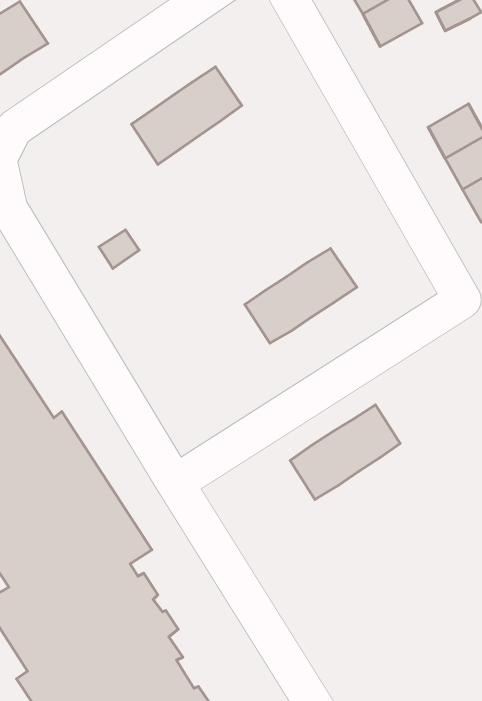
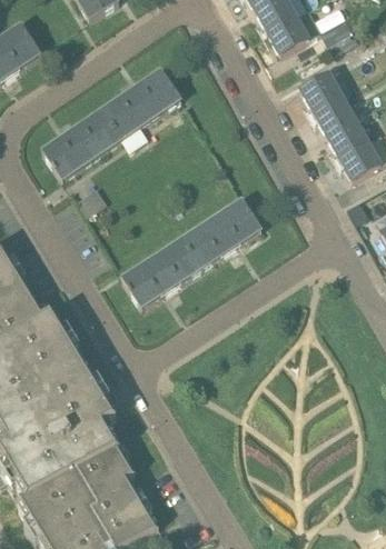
building: none -> [300,73,343,113]
building: none -> [41,111,120,181]
building: [290,405,400,499] -> [121,240,200,308]

